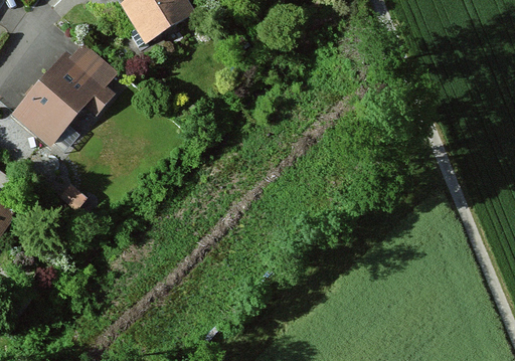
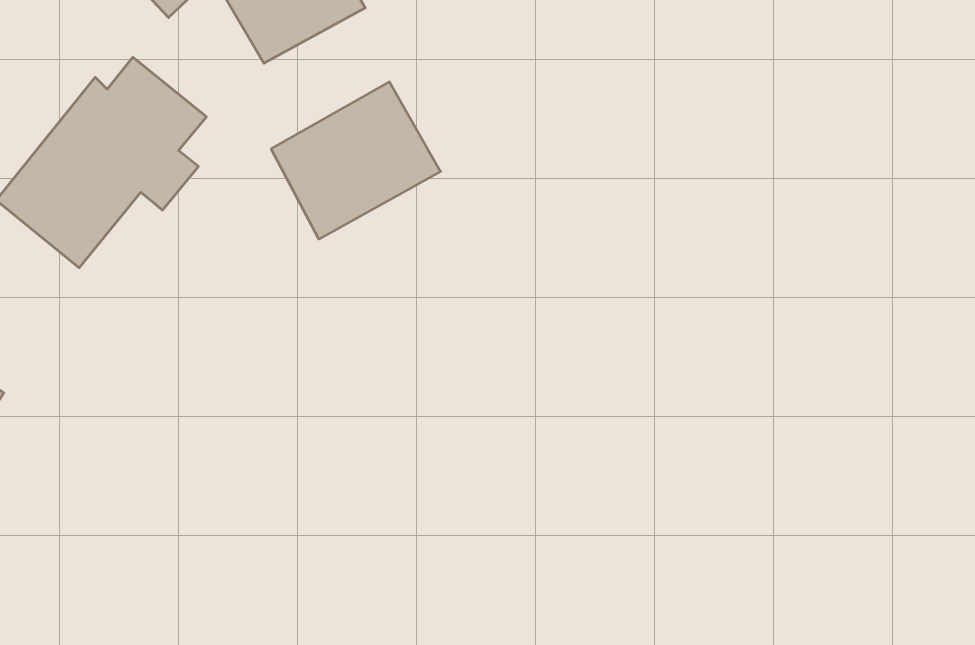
building: none -> [271,82,441,239]

